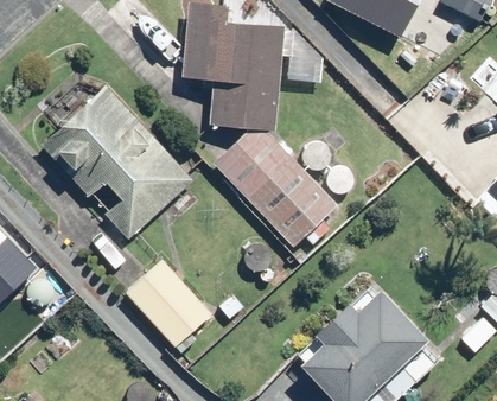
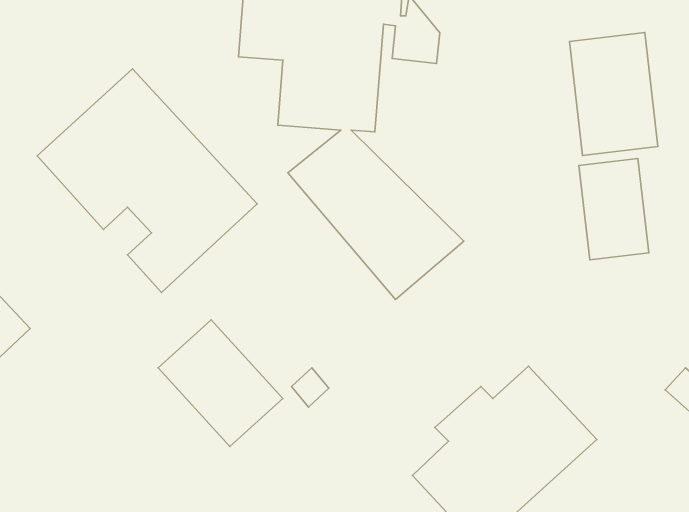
building: none -> [570,33,658,155]
building: none -> [579,159,649,260]

